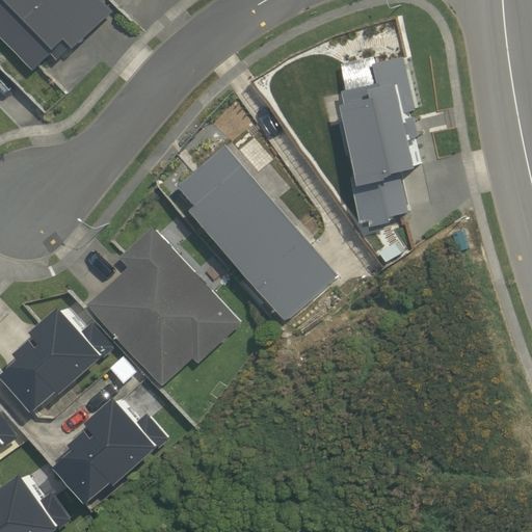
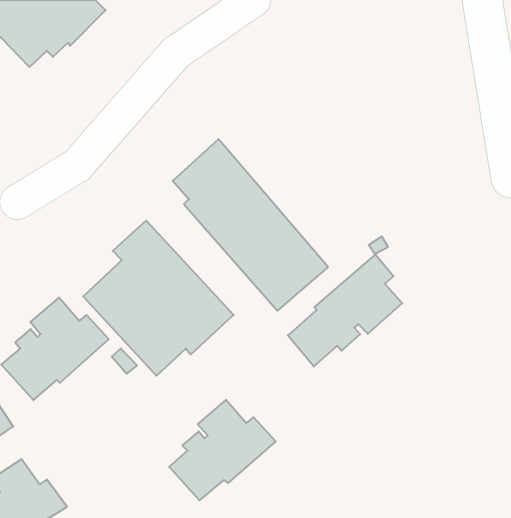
building: [337,56,417,225] -> none
building: none -> [288,255,402,367]
building: [57,396,166,499] -> [169,400,276,500]

